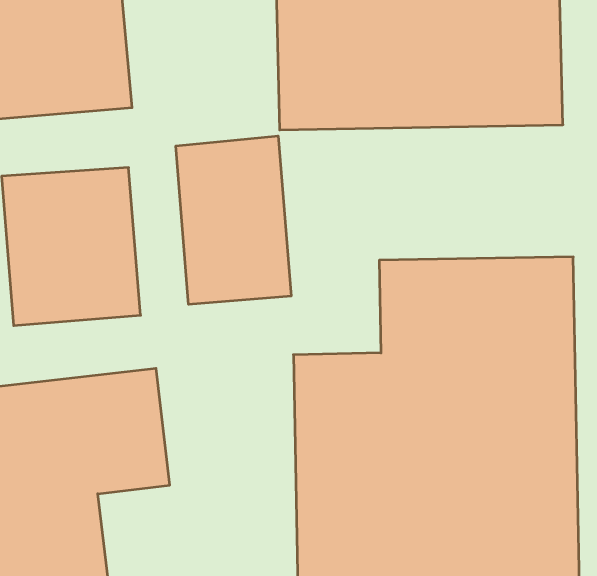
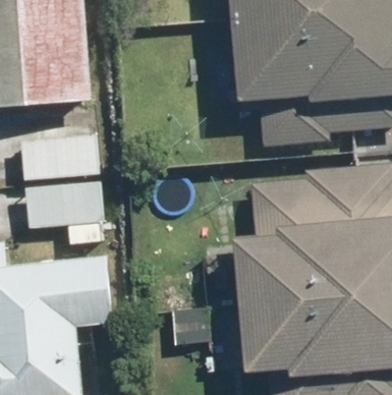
building: [176,136,291,304] -> none

